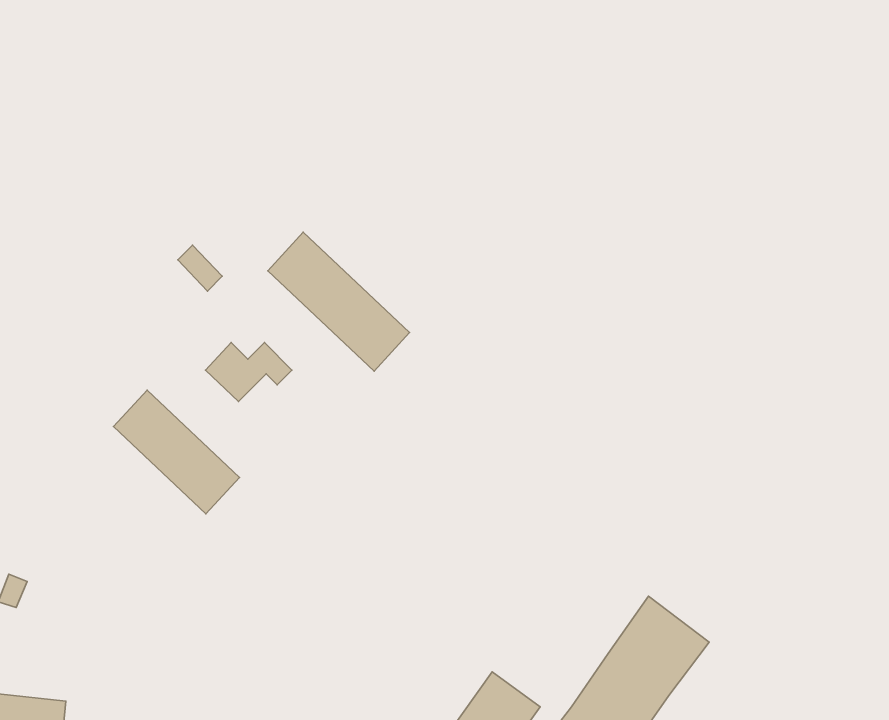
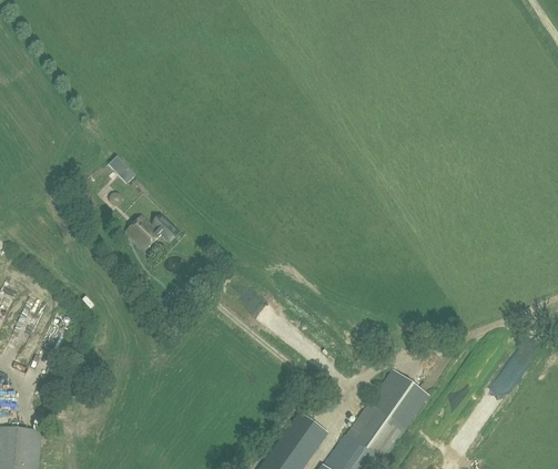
building: [268,232,410,371] -> none
building: [113,390,240,514] -> none

